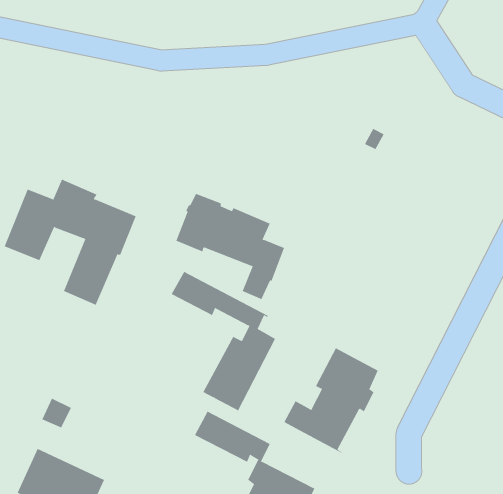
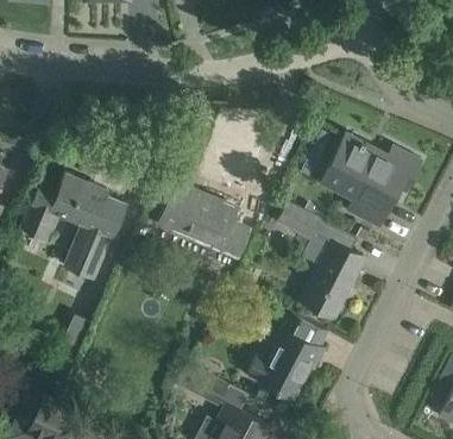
building: none -> [320,134,421,228]
building: [171,271,276,411] -> [276,202,363,318]

